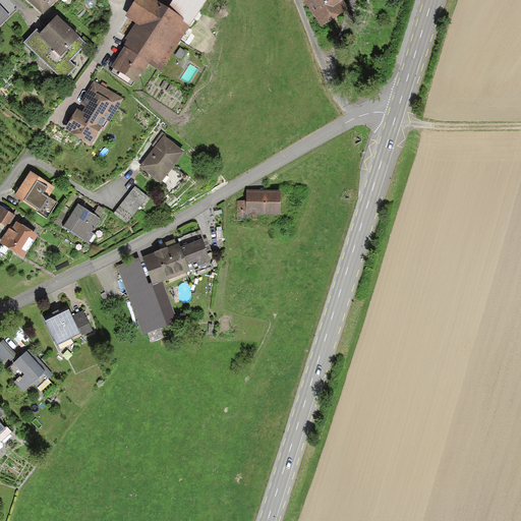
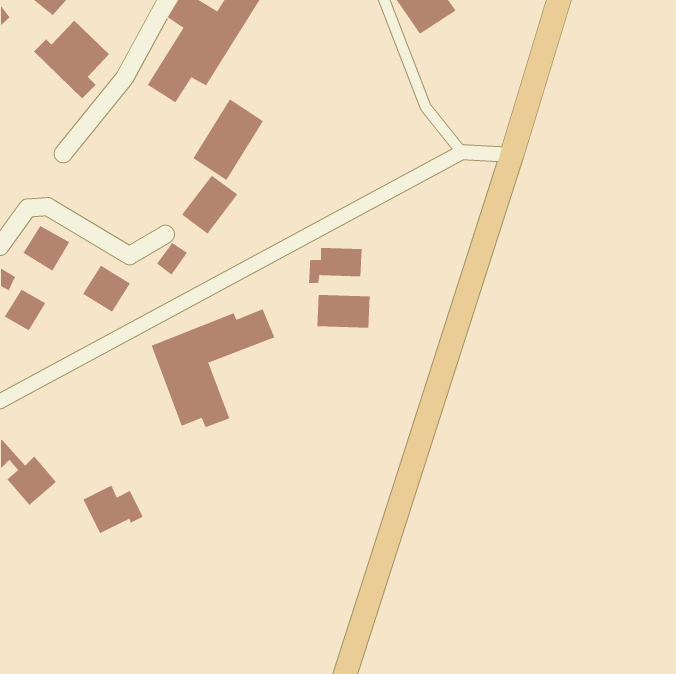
building: [64,79,119,142] -> [192,99,264,181]
building: none -> [317,294,370,328]
building: [43,307,90,345] -> [83,485,143,534]

